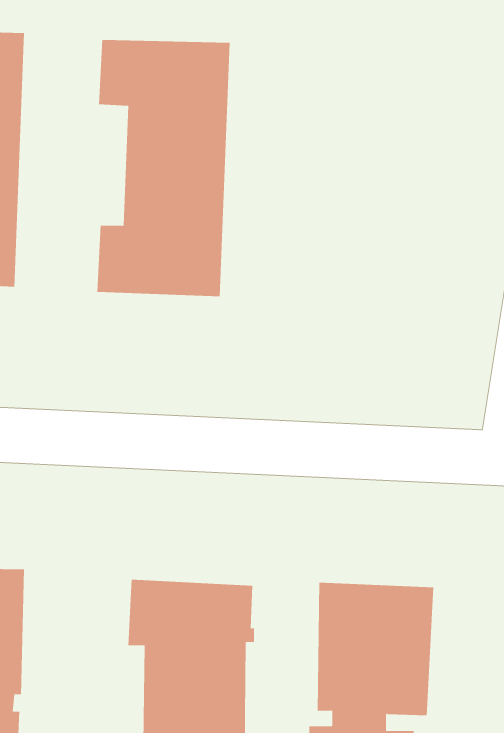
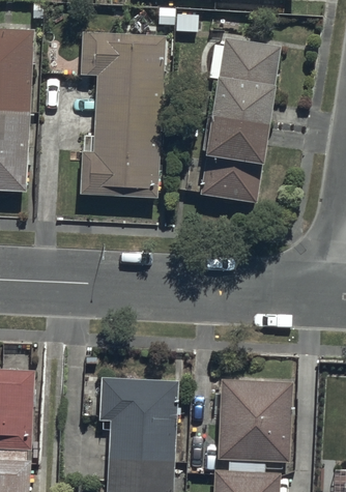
building: none -> [200,37,280,202]

